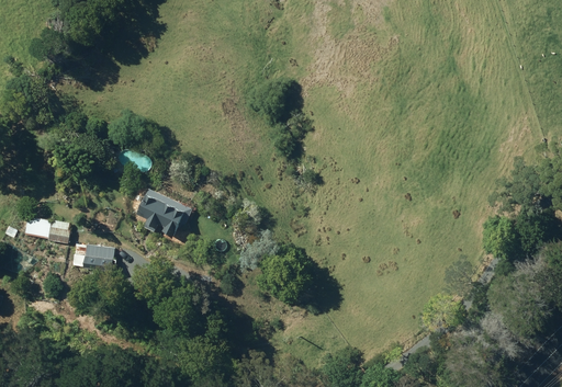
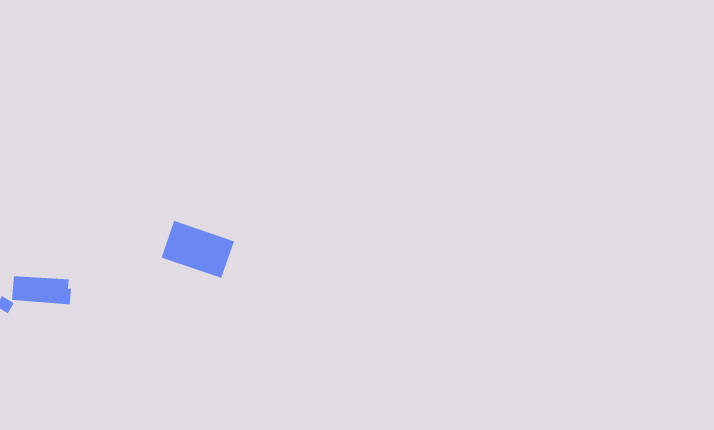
building: [83,246,114,272] -> none

